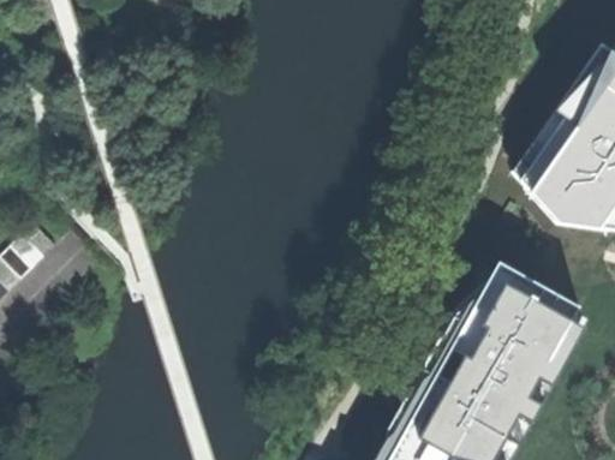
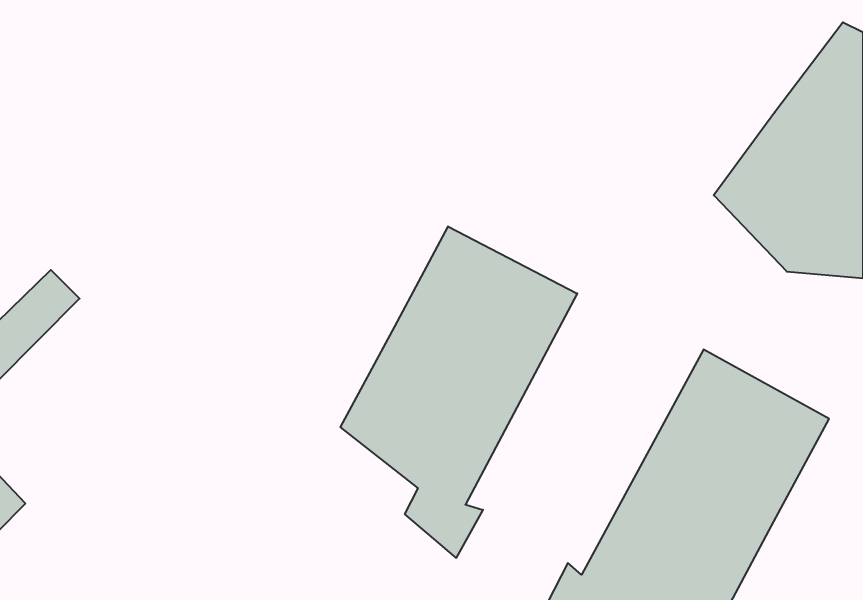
building: none -> [340,226,577,558]

